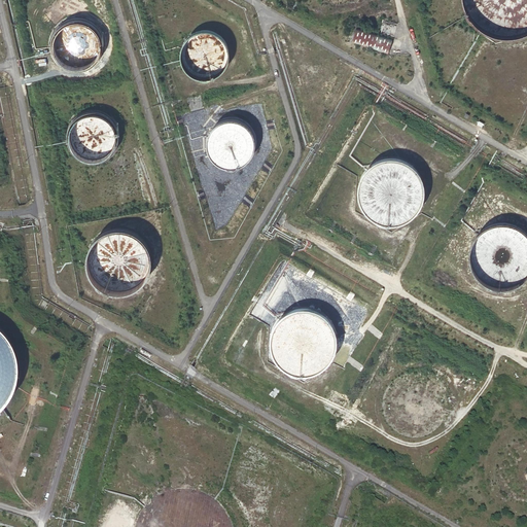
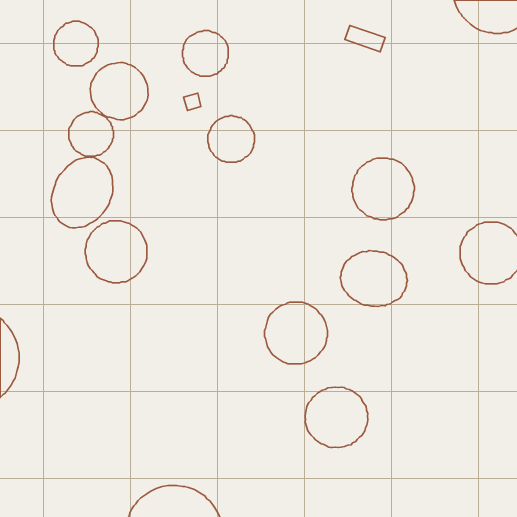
building: none -> [90,63,148,120]
building: none -> [51,157,113,228]
building: none -> [340,251,407,306]
building: none -> [305,387,368,448]

